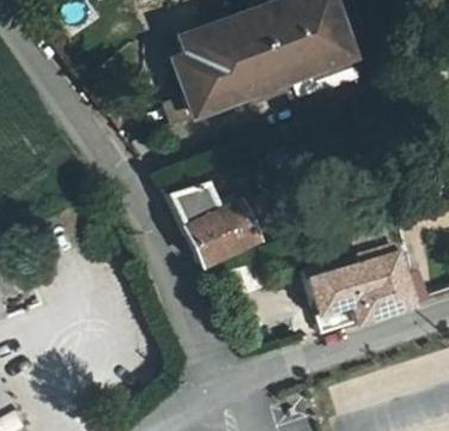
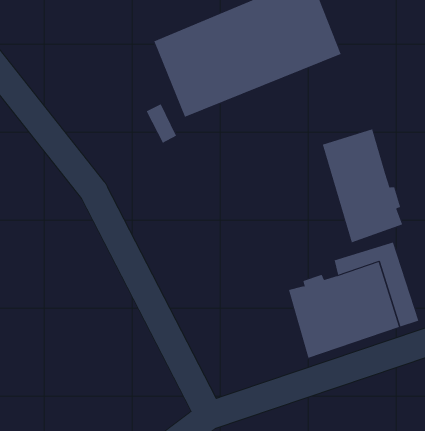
building: none -> [322,128,403,243]
building: [164,183,249,267] -> none

